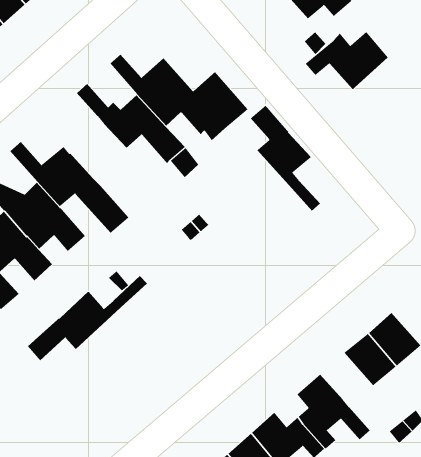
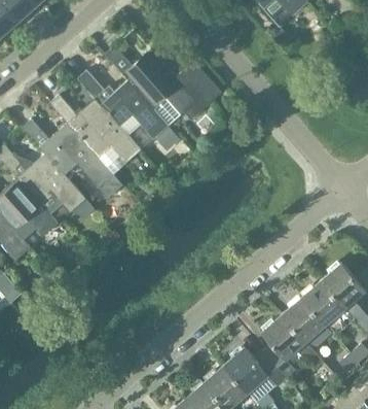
building: [305,31,388,91] -> none
building: [250,105,321,212] -> none
building: none -> [50,96,141,164]
building: [27,275,148,361] -> none
building: none -> [282,298,326,343]

